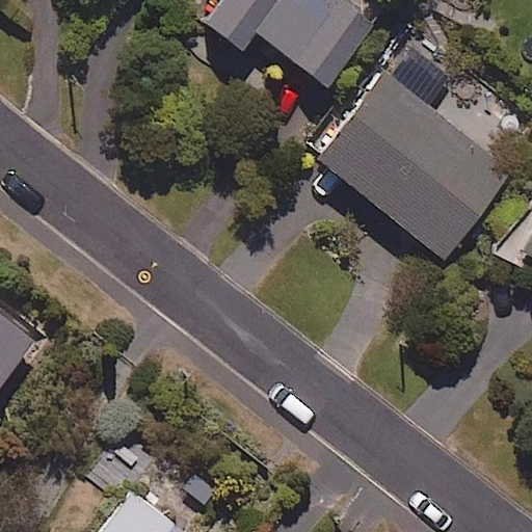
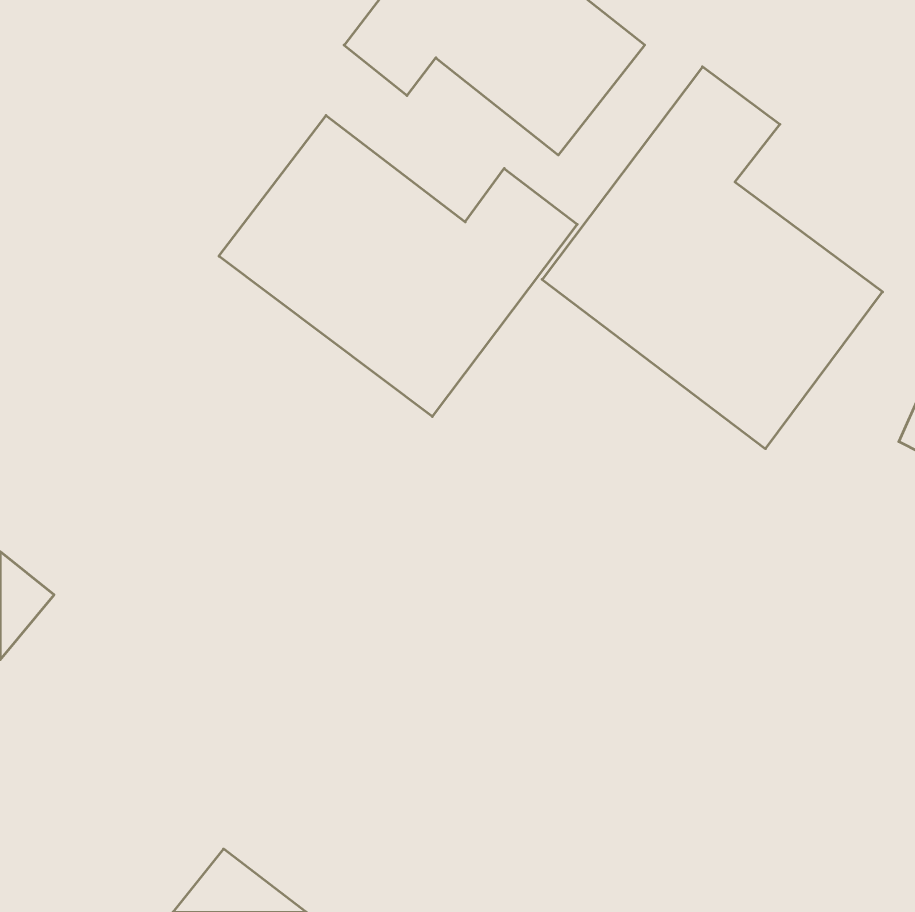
building: none -> [219,115,577,417]

